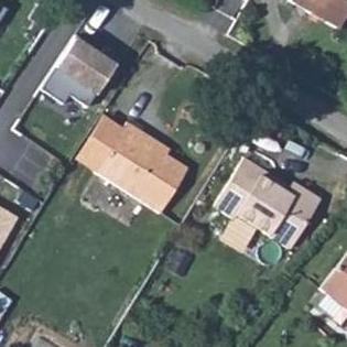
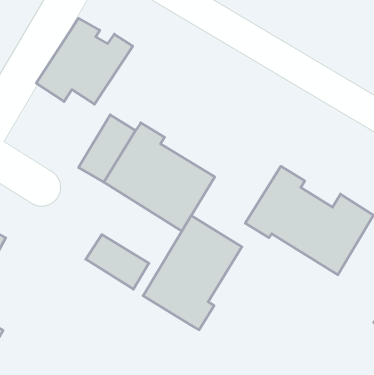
building: none -> [143,216,242,330]
building: none -> [86,235,149,289]

